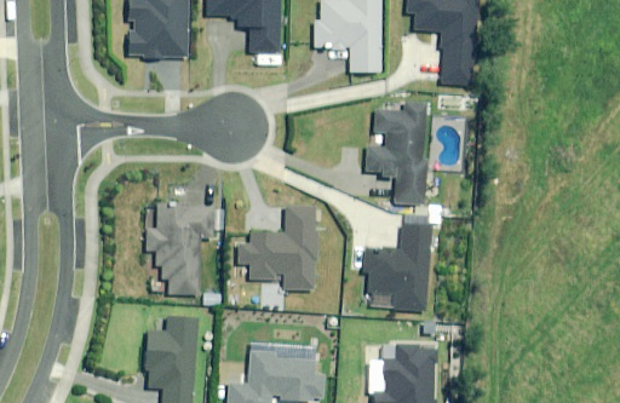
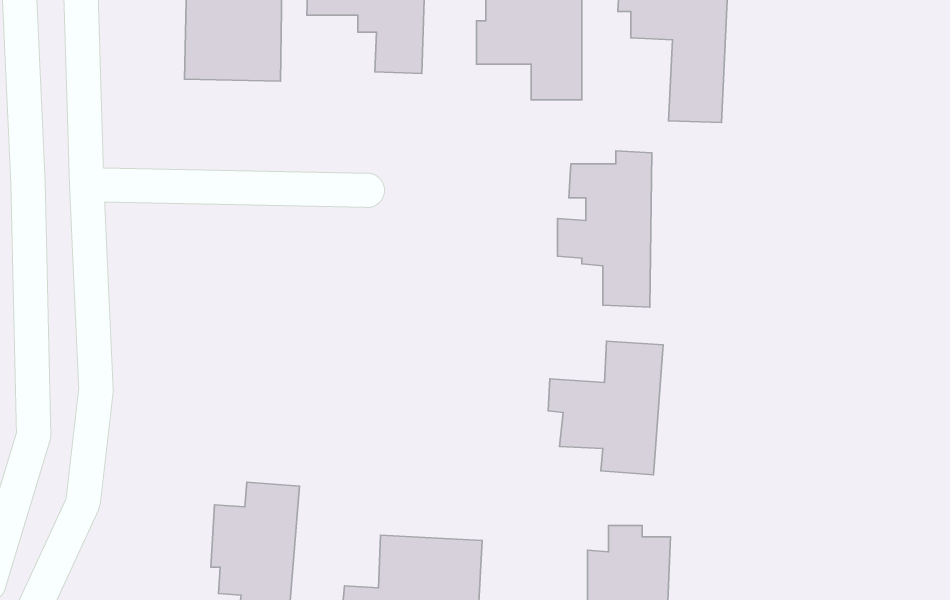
building: [236,205,318,289] -> none
building: [145,206,214,294] -> none

